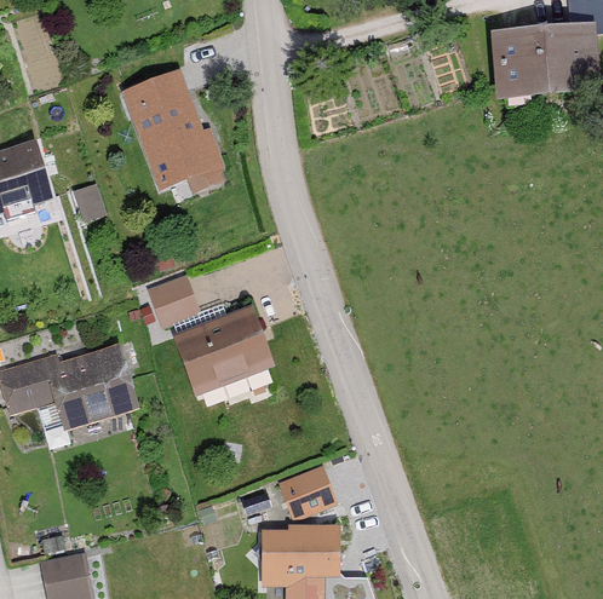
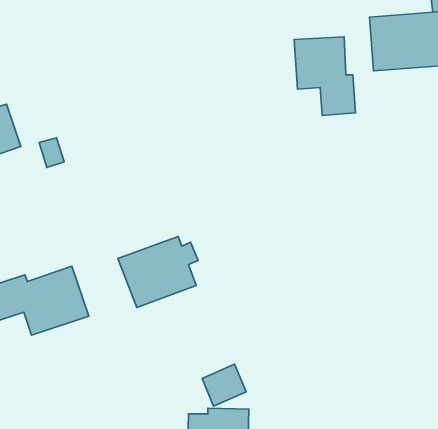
building: none -> [294,37,355,115]
building: [122,69,224,188] -> none
building: [147,273,202,329] -> none

